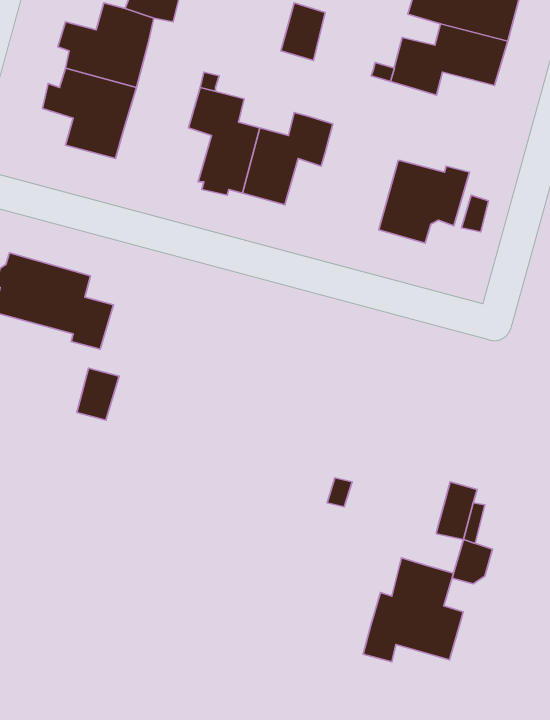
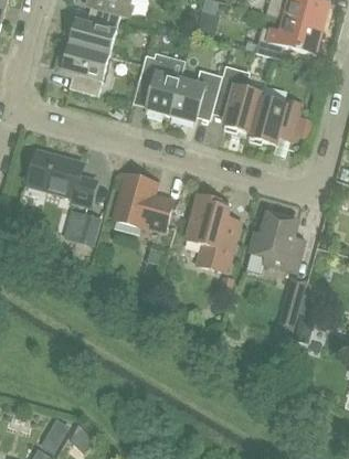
building: none -> [218,64,262,131]
building: none -> [113,173,172,226]
building: none -> [186,193,240,271]
building: [363,558,463,662] -> [245,212,303,271]

